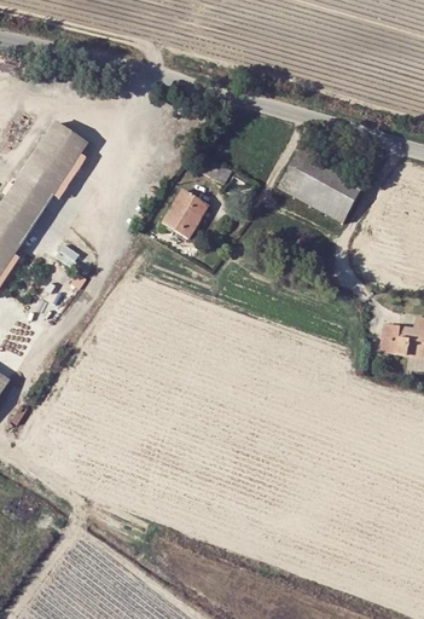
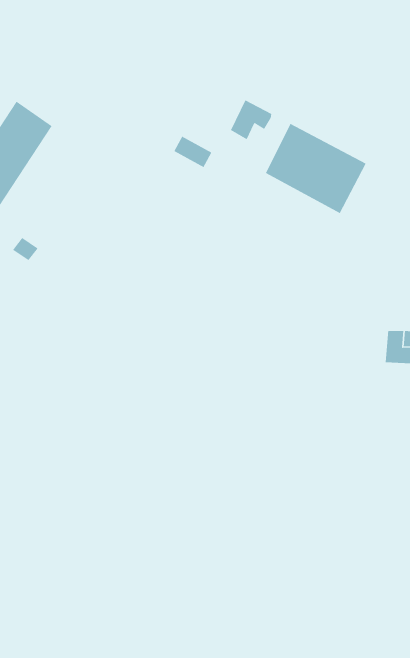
building: none -> [230,99,272,140]
building: [158,186,203,233] -> none

